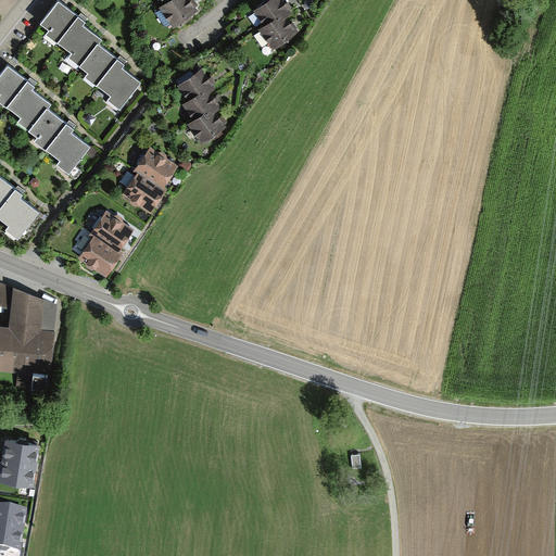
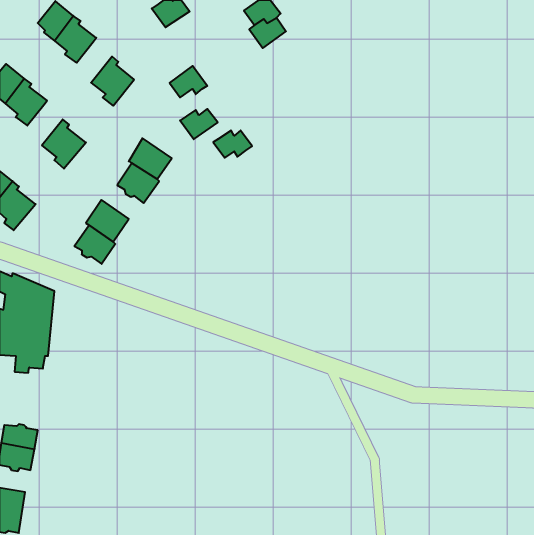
building: [79,43,116,86] -> none
building: [181,92,222,121] -> [213,130,252,158]
building: [28,109,65,151] -> none

